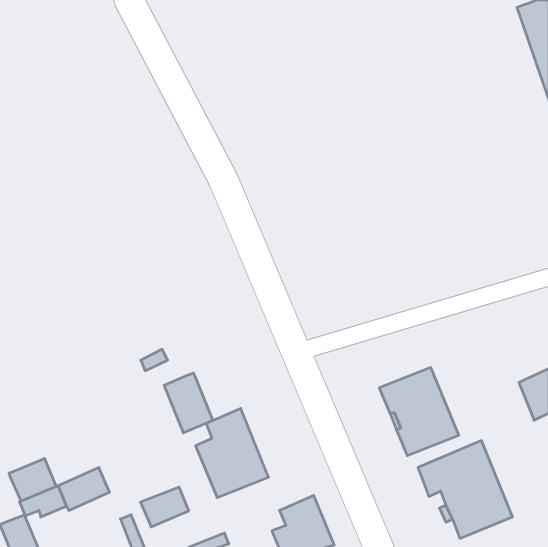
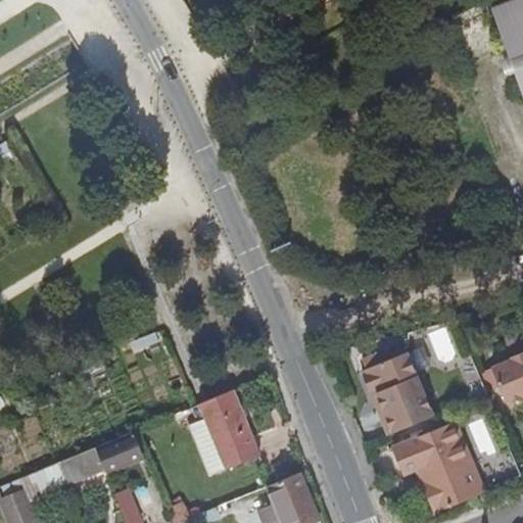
building: [164,373,213,433] -> none
building: [9,458,56,501] -> none
building: [140,487,189,527] -> [95,432,141,470]

